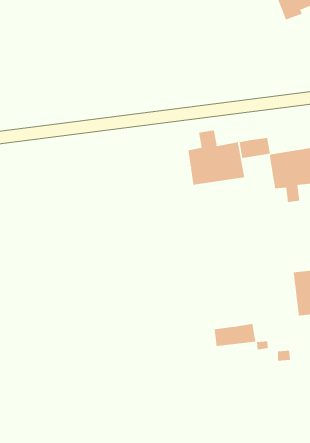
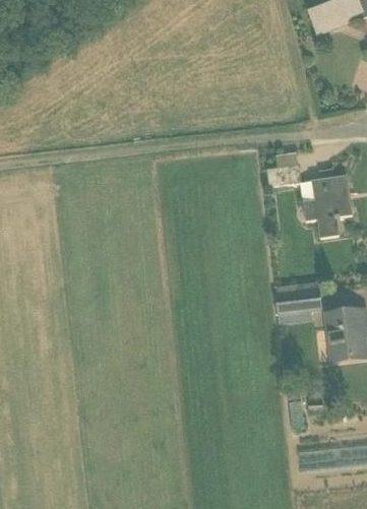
building: [188,130,245,186] -> none
building: [214,324,256,346] -> [276,287,322,312]

